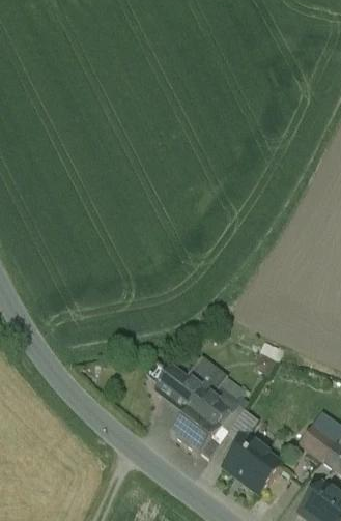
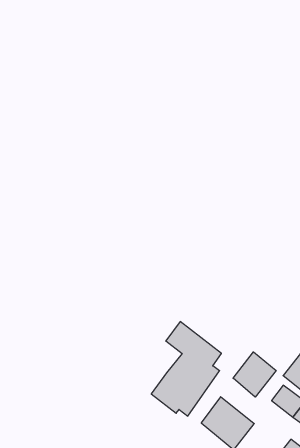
building: [155,366,203,410] -> none
building: none -> [233,352,276,397]

